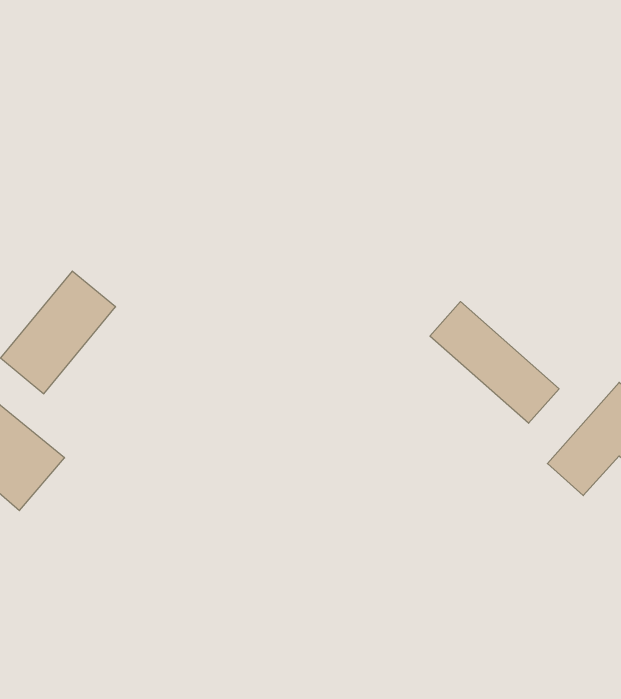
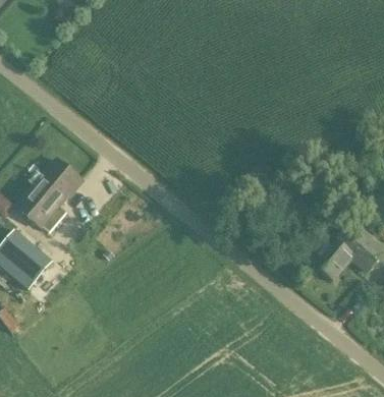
building: [430,302,559,423] -> none

